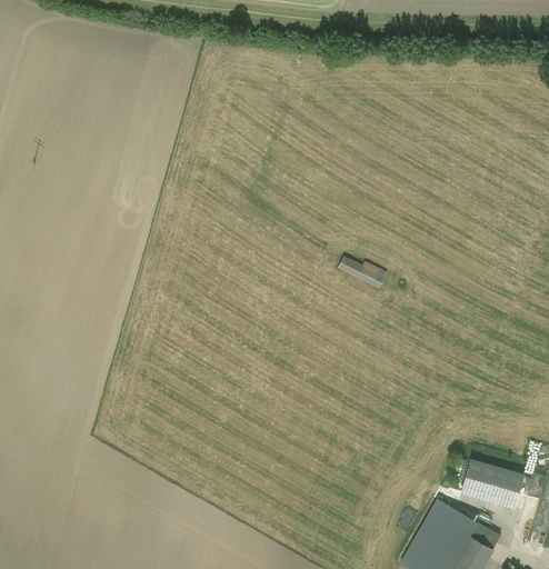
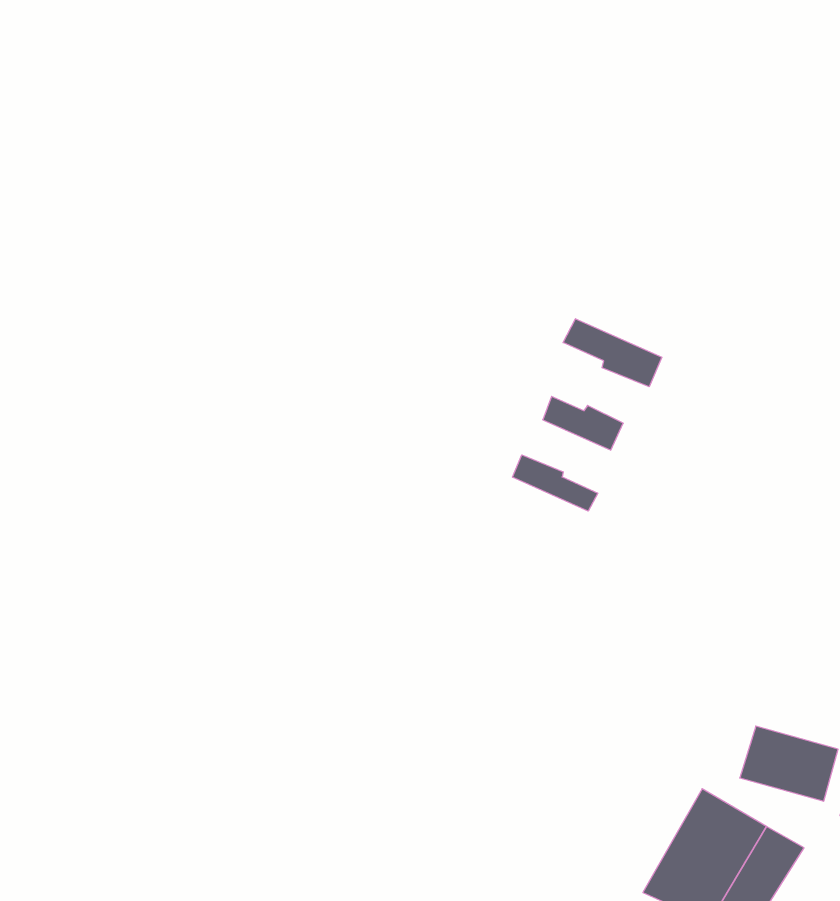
building: none -> [563,319,662,387]
building: none -> [513,455,598,511]

